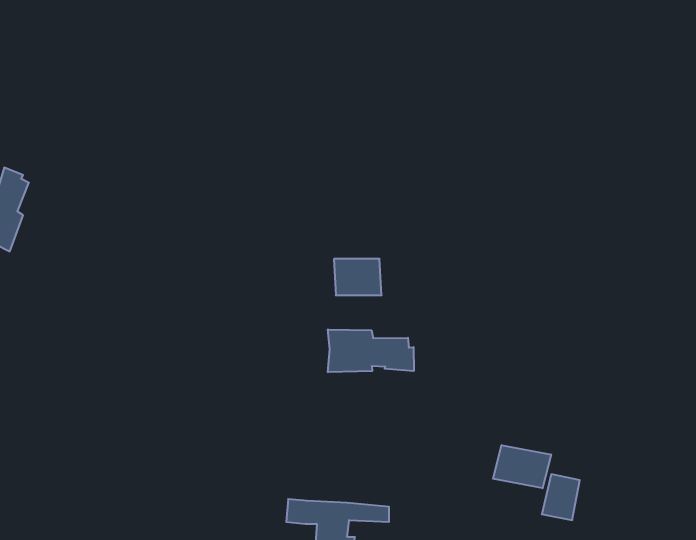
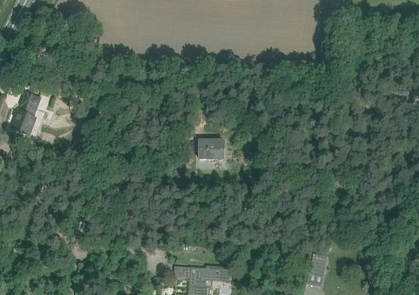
building: [328,329,414,372] -> none
building: [493,445,551,488] -> none

